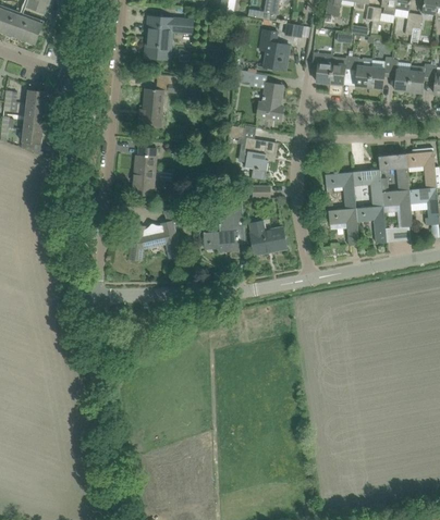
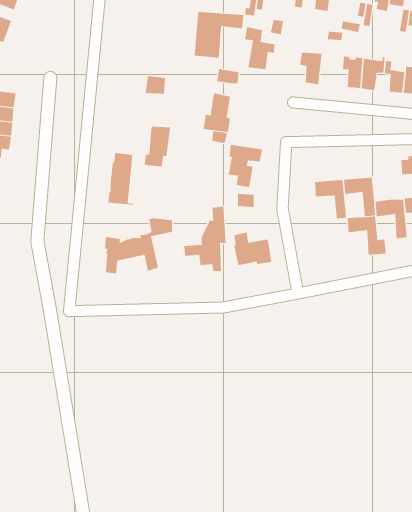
building: [145,16,192,60] -> [194,11,244,58]
building: [329,57,352,85] -> none
building: [256,83,282,120] -> [203,93,231,133]
building: [138,89,163,127] -> [144,126,171,167]
building: [378,153,408,190] -> none
building: [328,208,358,246] -> none

